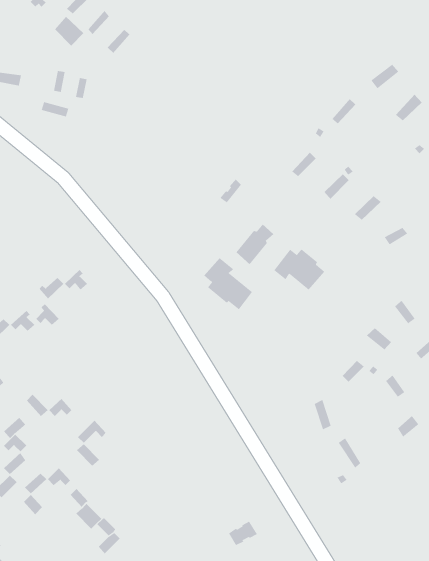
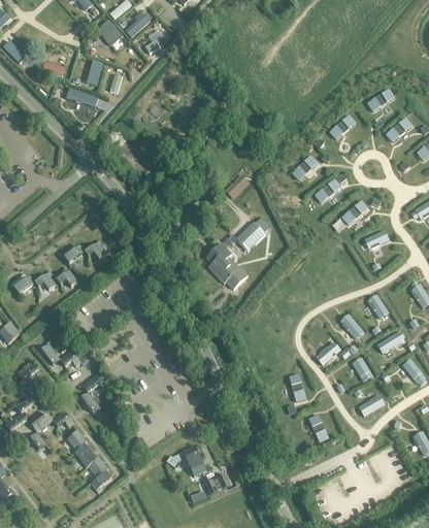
building: [274,248,325,291] -> none
building: none -> [166,446,205,475]

